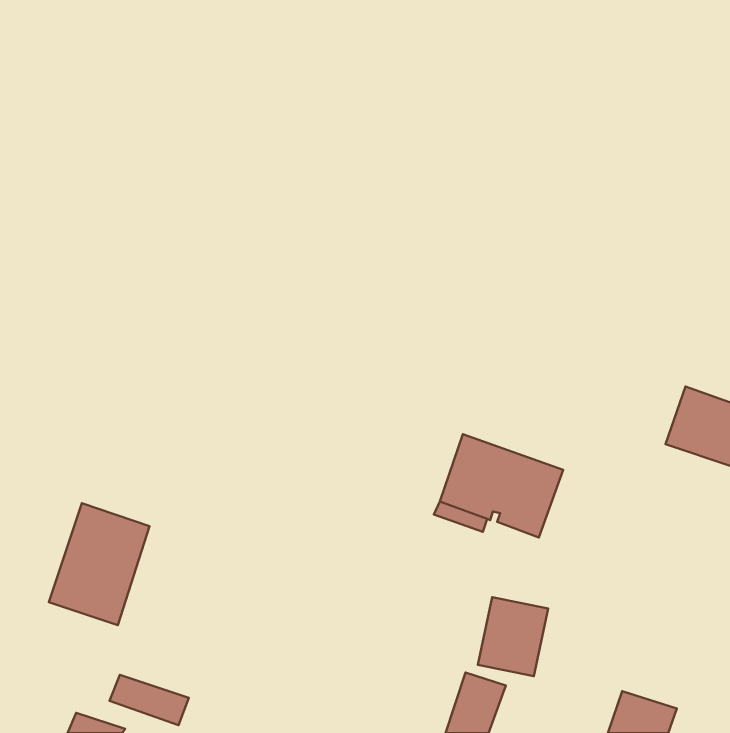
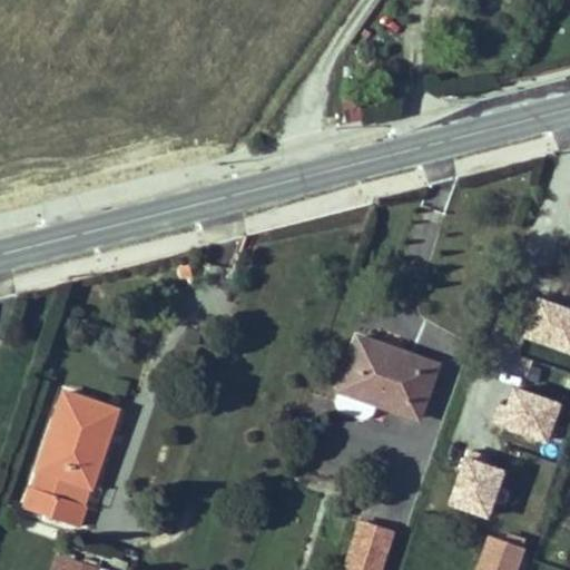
building: none -> [492,387,561,448]
building: [478,597,548,676] -> [446,460,501,521]
building: [110,675,189,725] -> [27,485,88,524]

